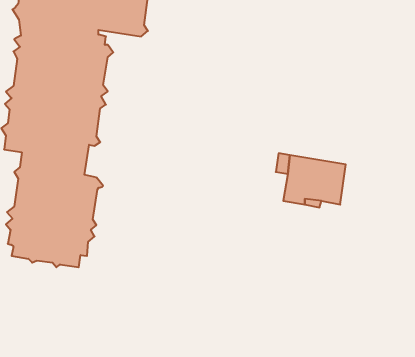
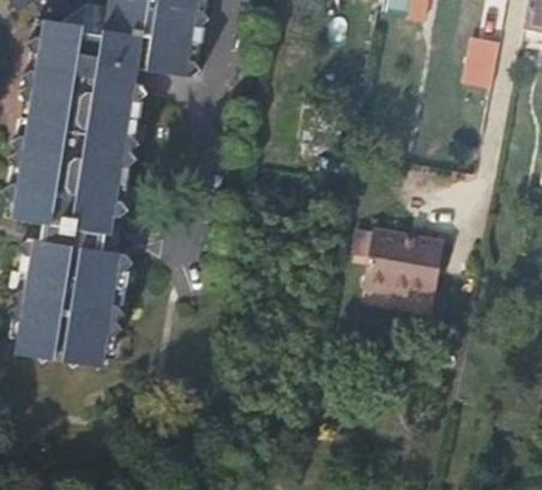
building: none -> [464,37,500,90]

